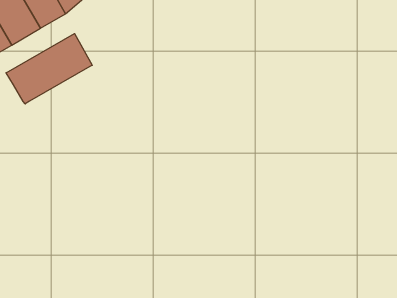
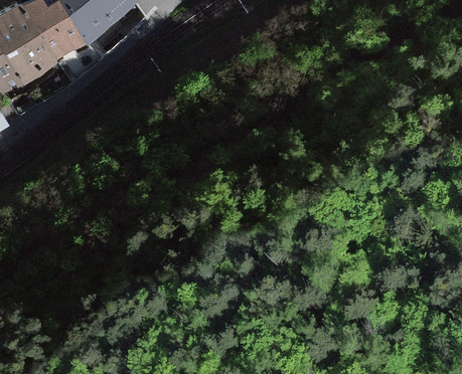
building: [6,34,92,104] -> none

